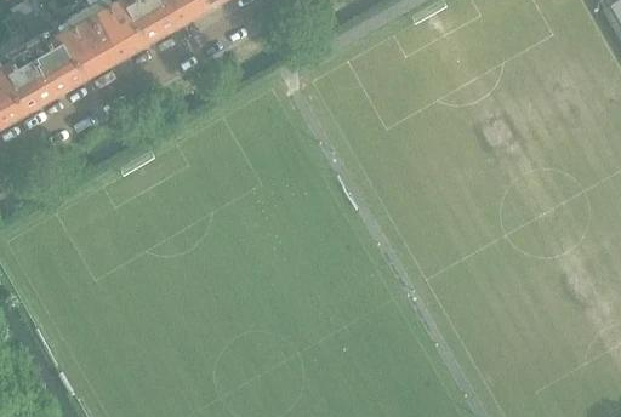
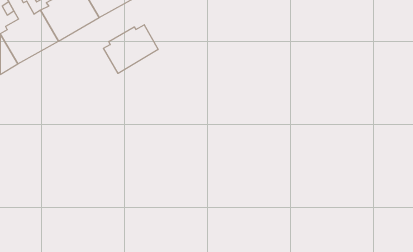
building: none -> [103,25,158,73]

